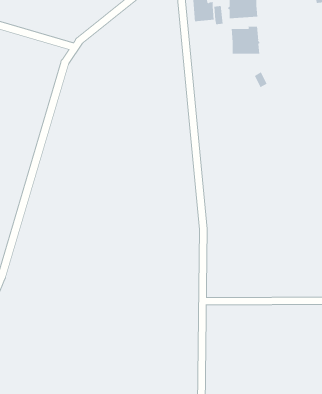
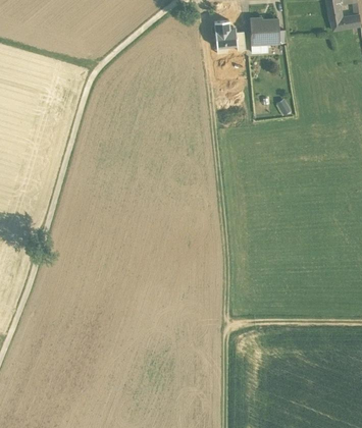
building: [231,26,260,54] -> none

